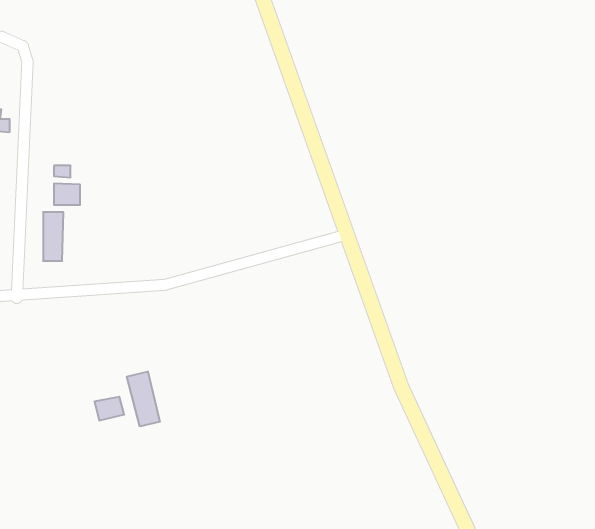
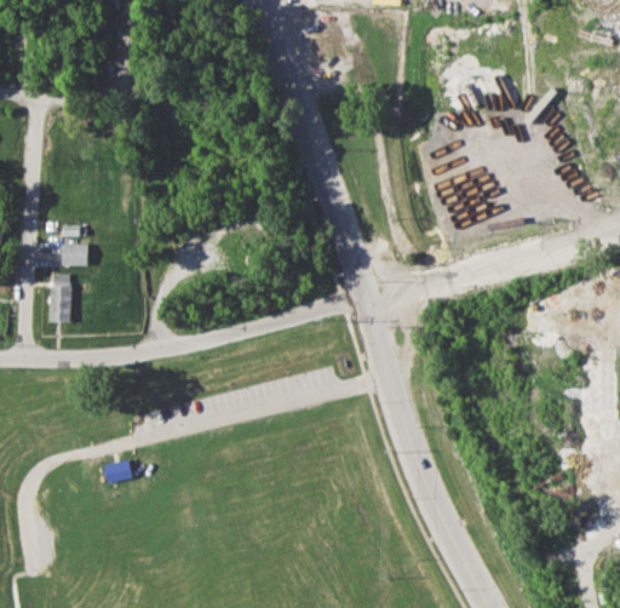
building: [127,371,160,426] -> none

